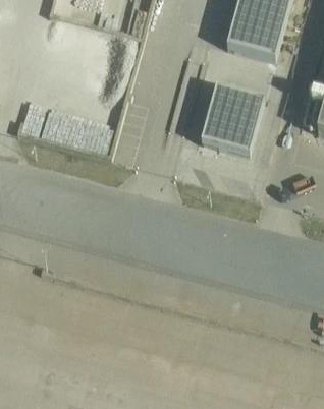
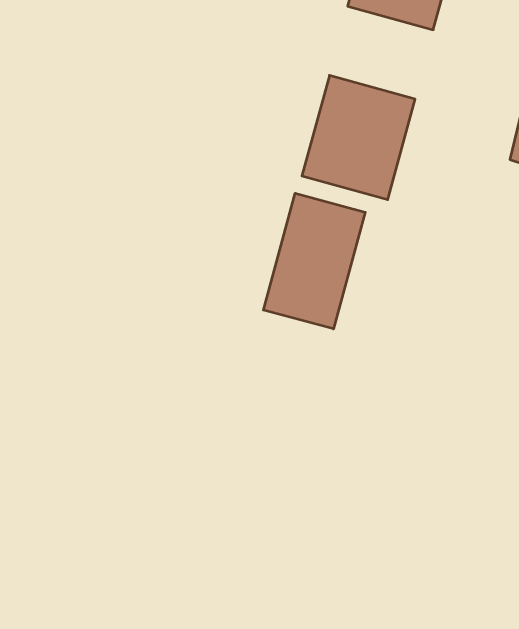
building: none -> [263,193,365,329]

